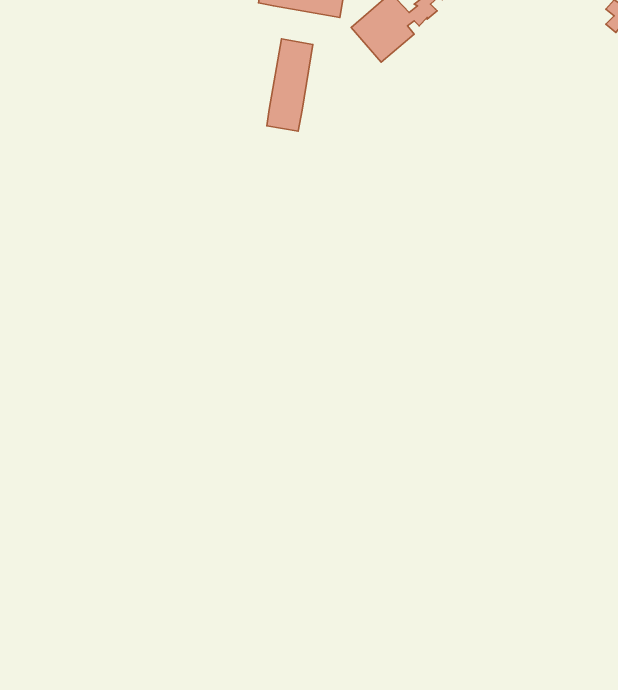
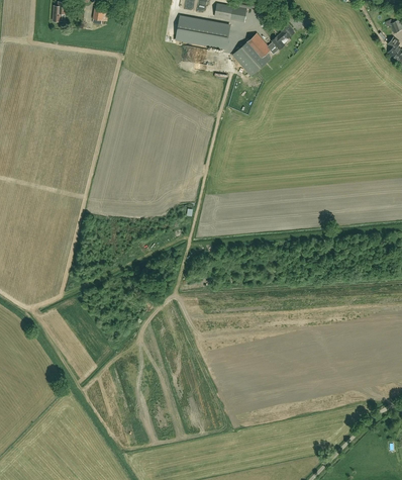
building: [267,39,313,131] -> none

